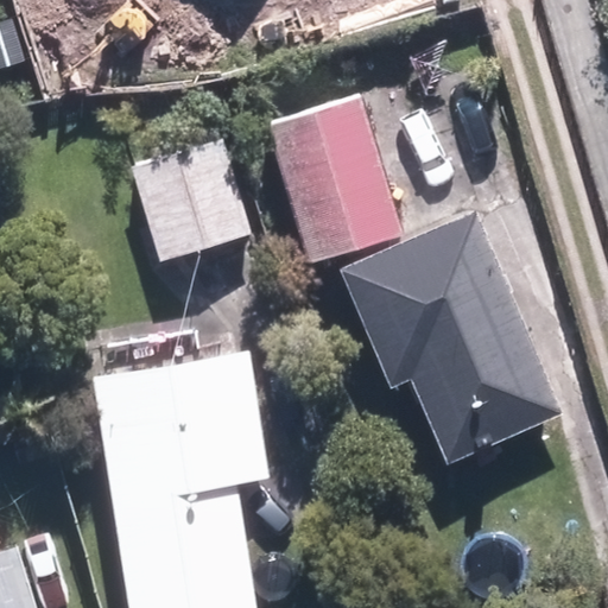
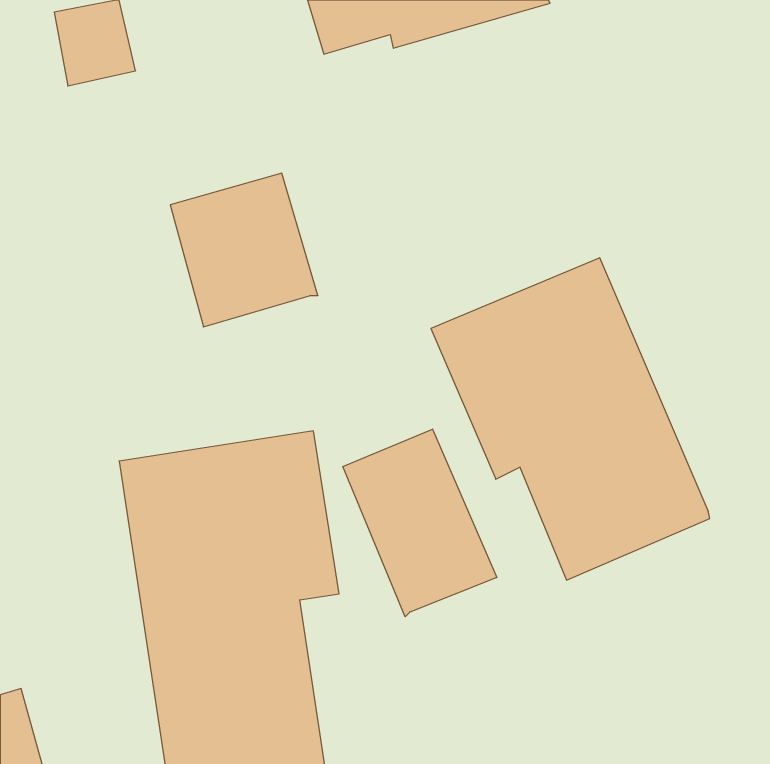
building: [267,100,400,265] -> none
building: none -> [343,429,497,617]

